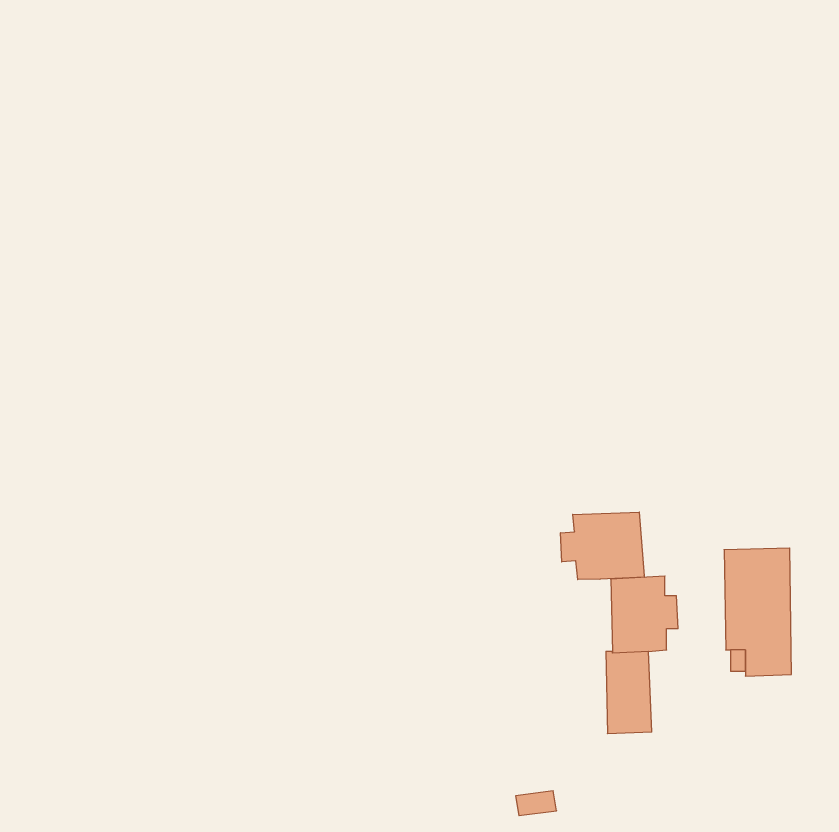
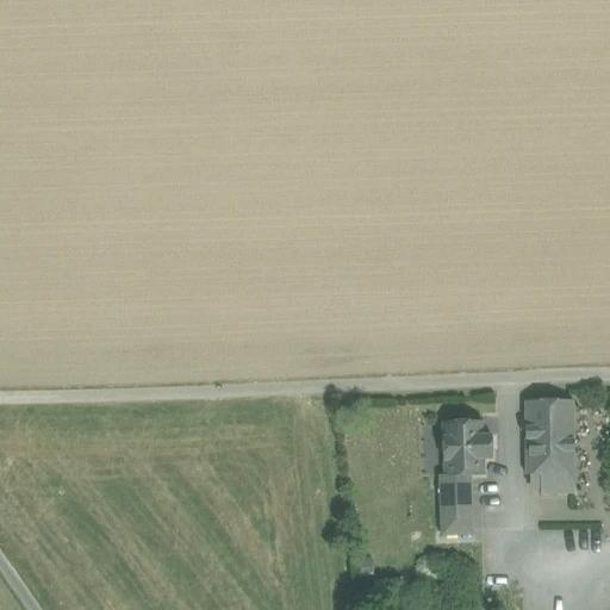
building: [561,512,644,580] -> none

